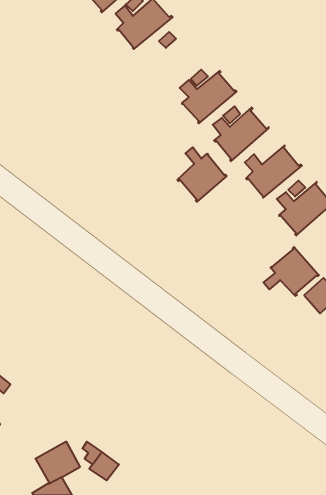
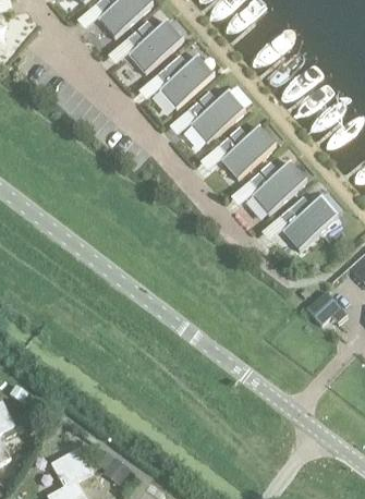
building: none -> [158,56,212,107]
building: [177,147,227,202] -> none
building: [263,247,319,296] -> none

